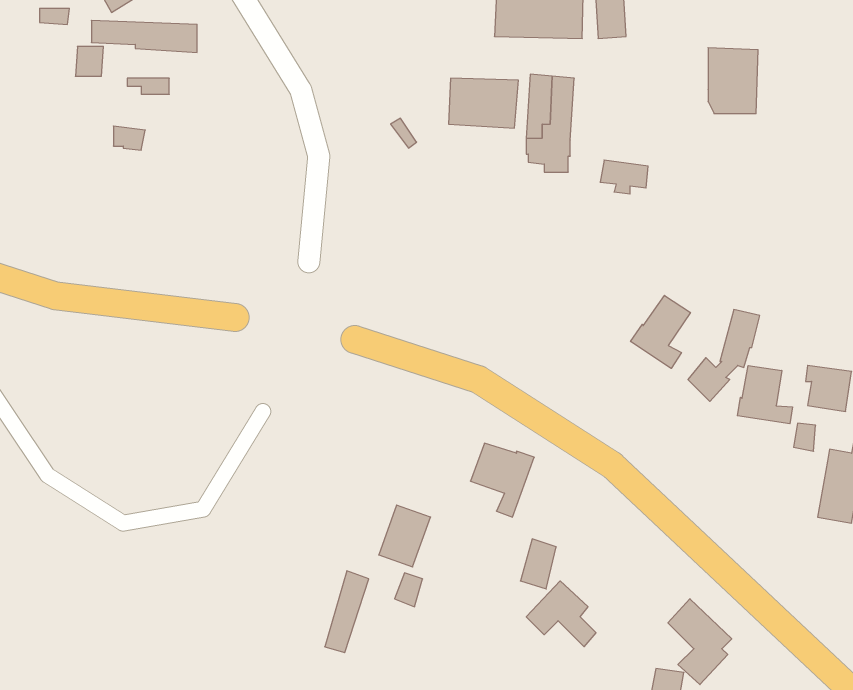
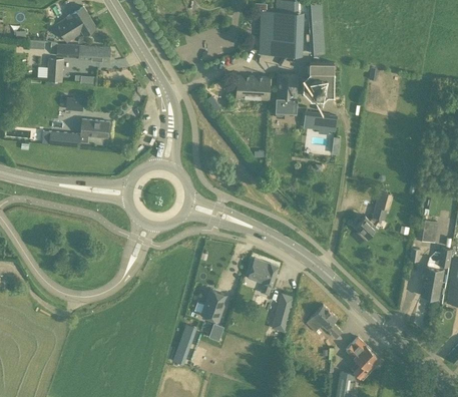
building: [708,48,758,114] -> [308,62,333,95]
building: none -> [40,119,108,148]
building: [631,295,690,368] -> none
building: [737,366,792,424] -> none
building: [526,581,596,647] -> [305,305,340,338]

